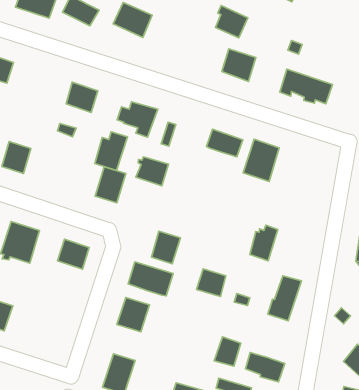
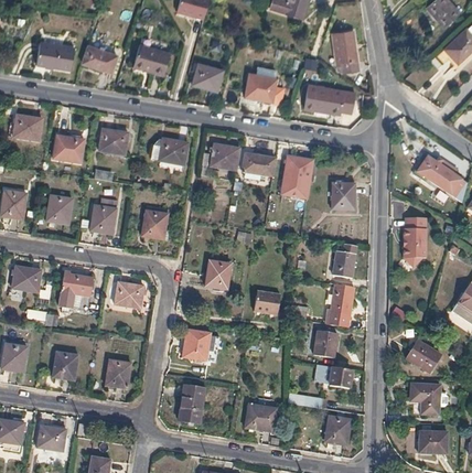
building: [216,6,248,38] -> [192,62,222,90]
building: none -> [331,30,358,72]
building: none -> [53,136,85,163]
building: [95,132,127,170] -> [90,198,118,235]
building: [136,157,169,186] -> [210,144,239,170]
building: none -> [332,183,354,209]
building: [250,225,278,261] -> [333,244,356,278]
building: [128,262,173,296] -> none
building: none -> [105,359,131,388]
building: [214,337,241,366] -> [313,331,336,357]

